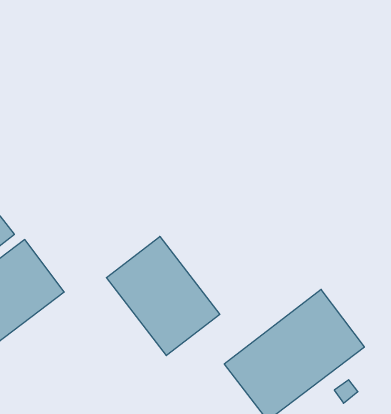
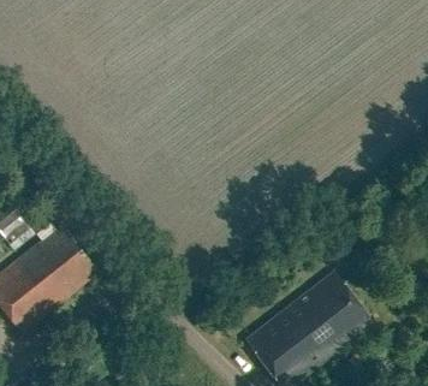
building: [106,236,220,356] -> none

